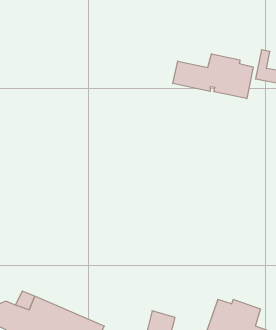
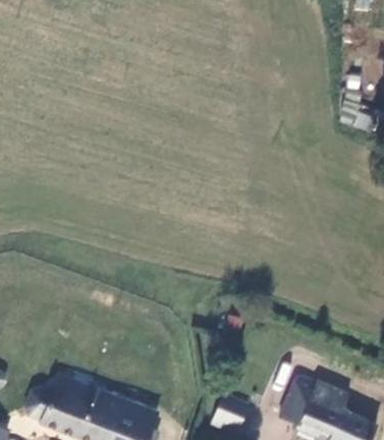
building: [173,54,253,99] -> none

